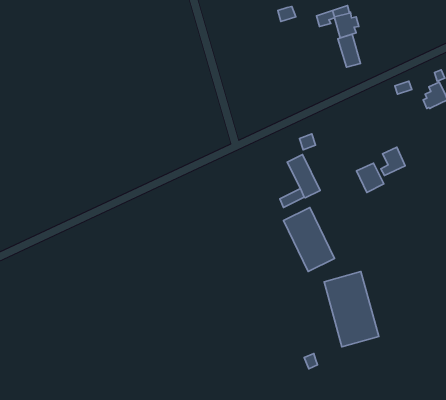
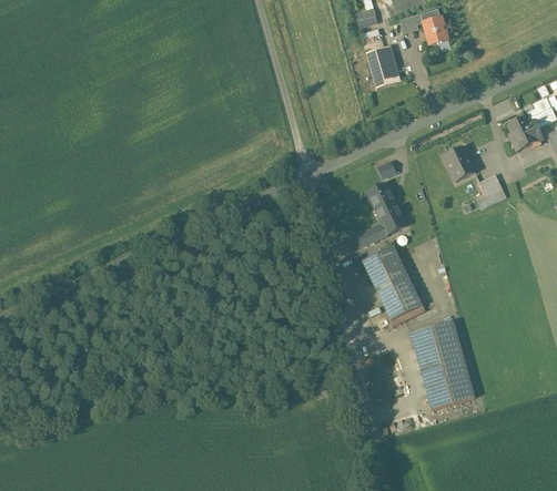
building: [338,34,361,67] -> [366,48,393,86]
building: none -> [507,116,541,149]
building: [357,163,384,192] -> [443,146,475,181]

